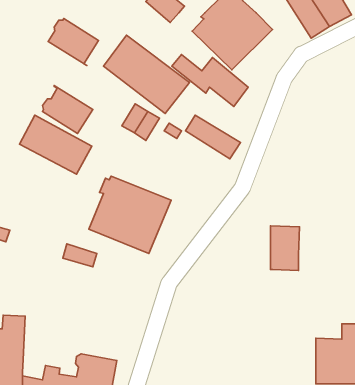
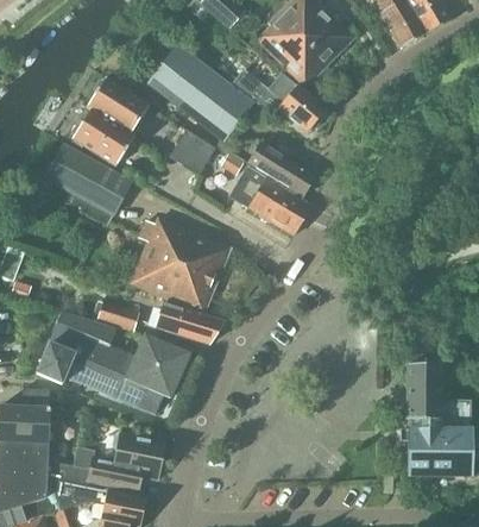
building: [48,18,98,66] -> [87,77,149,136]
building: none -> [229,165,313,234]
building: [271,226,299,270] -> [406,364,442,419]
building: none -> [155,302,225,344]
building: none -> [37,312,190,414]

